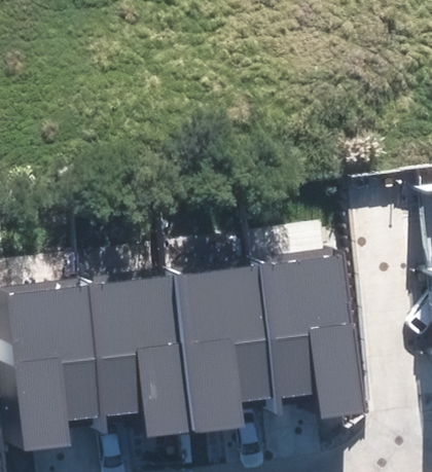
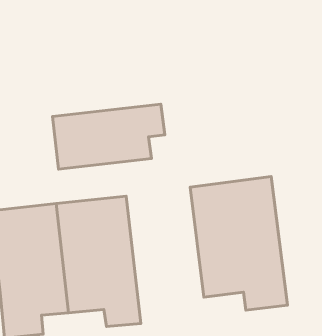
building: none -> [53,104,165,169]
building: [159,263,257,434] -> none

